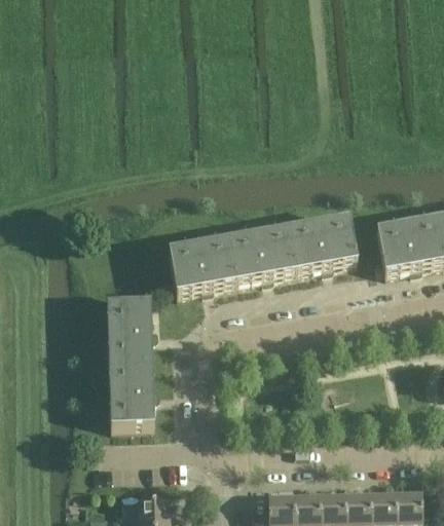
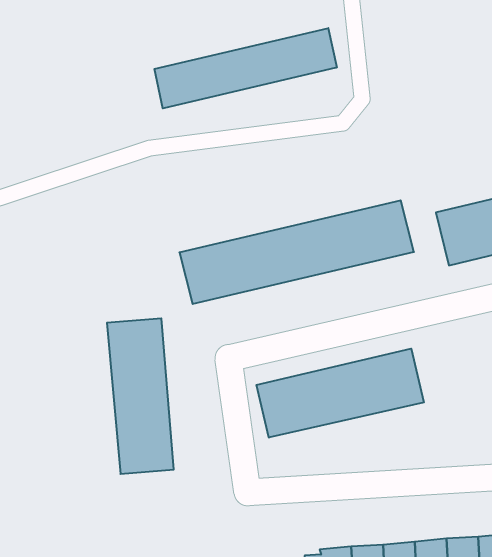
building: none -> [154,28,337,108]
building: none -> [256,349,424,438]

